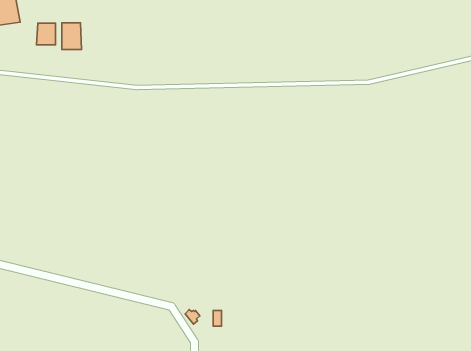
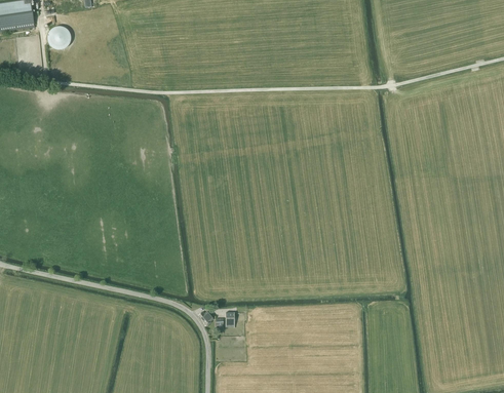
building: [62,23,82,49] -> none

